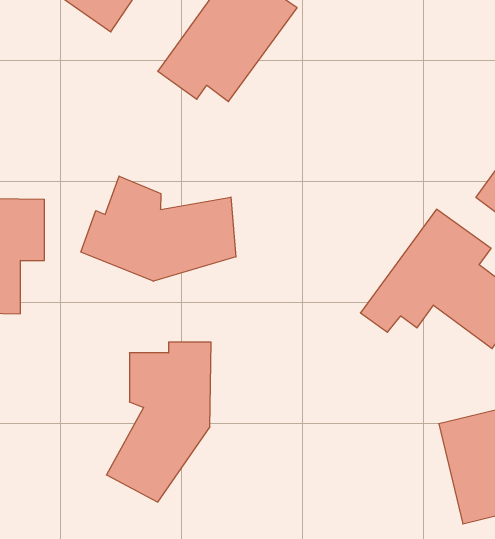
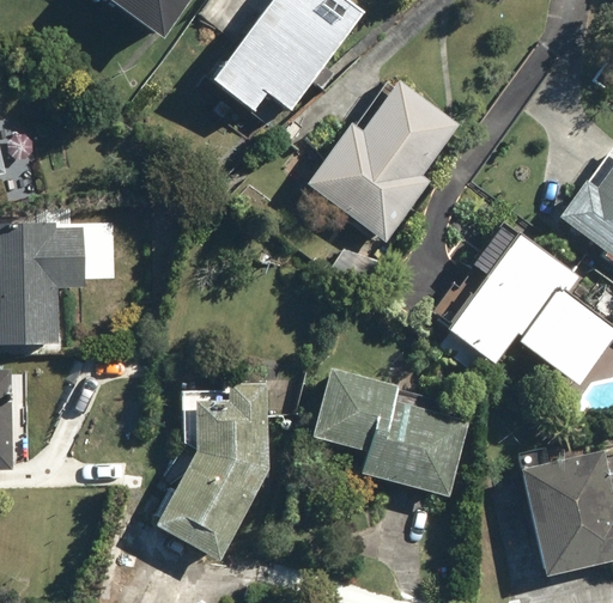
building: none -> [305,79,463,242]
building: [81,176,236,281] -> none
building: none -> [306,367,473,500]

